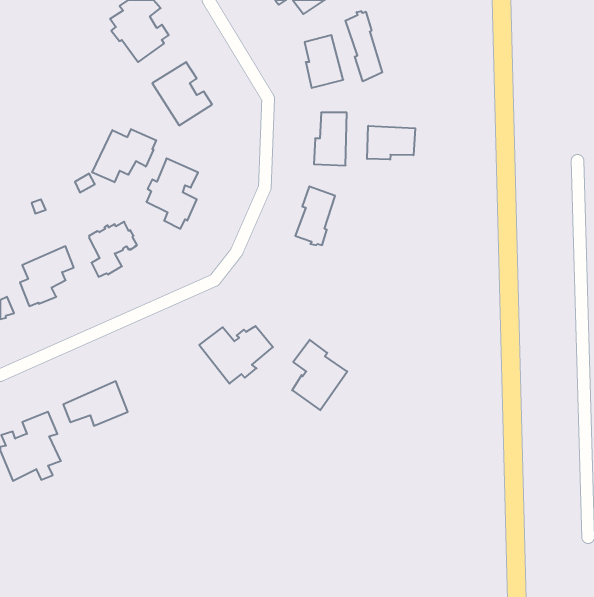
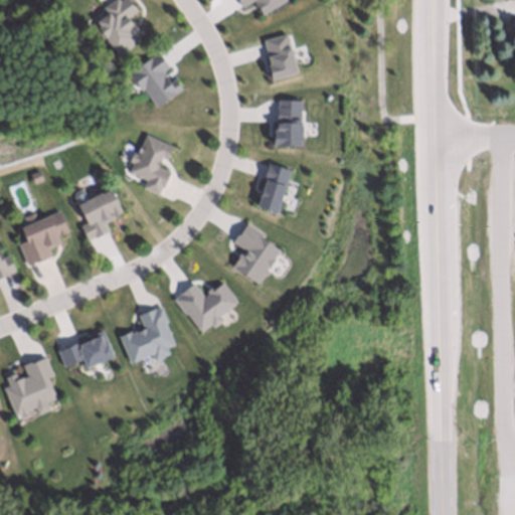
building: [345,11,382,81] -> none
building: [367,126,415,160] -> none
building: [92,129,156,182] -> none
building: [292,340,347,410] -> [233,221,281,282]
building: none -> [119,306,175,362]

